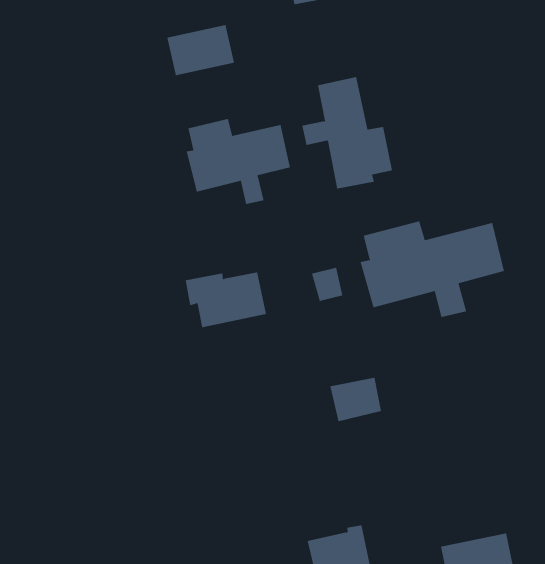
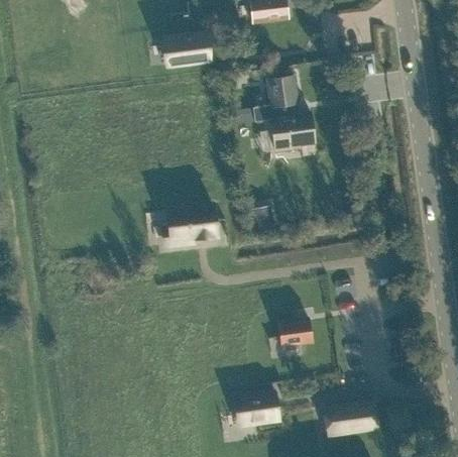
building: [186,118,290,205] -> none
building: [360,220,504,318] -> none
building: [330,377,382,422] -> [276,319,312,348]

